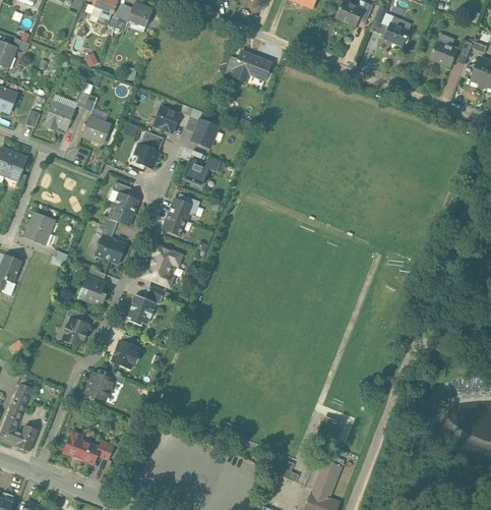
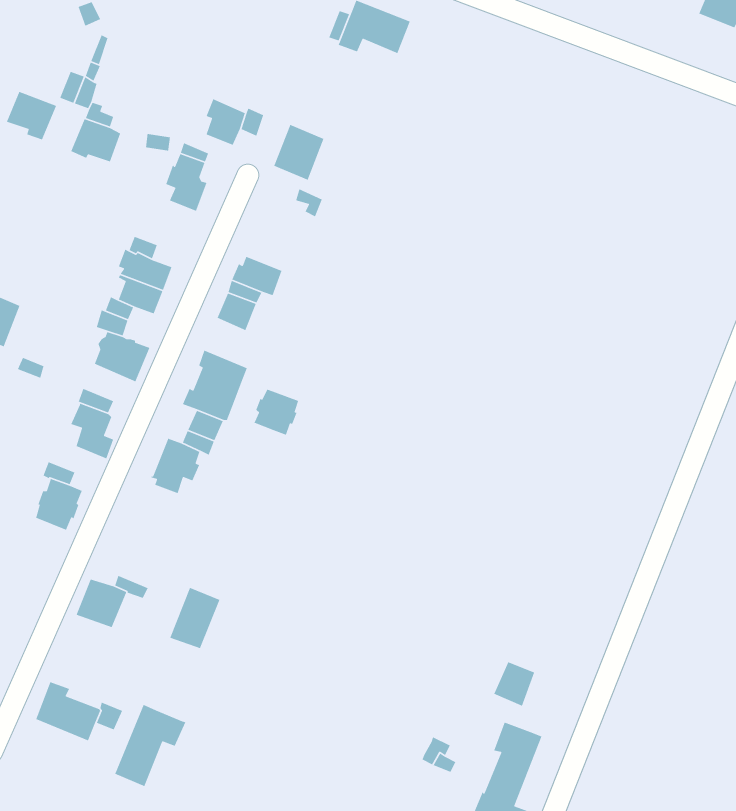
building: [182,159,208,185] -> none
building: none -> [253,388,299,436]
building: [112,333,140,367] -> [169,587,221,649]
building: none -> [114,704,186,787]

